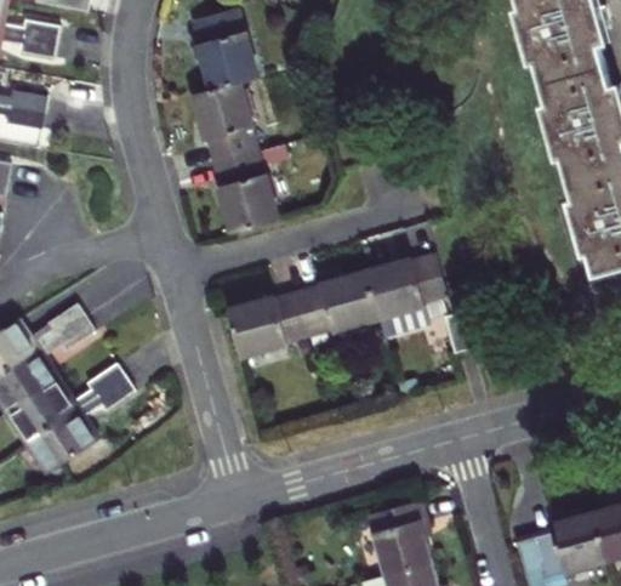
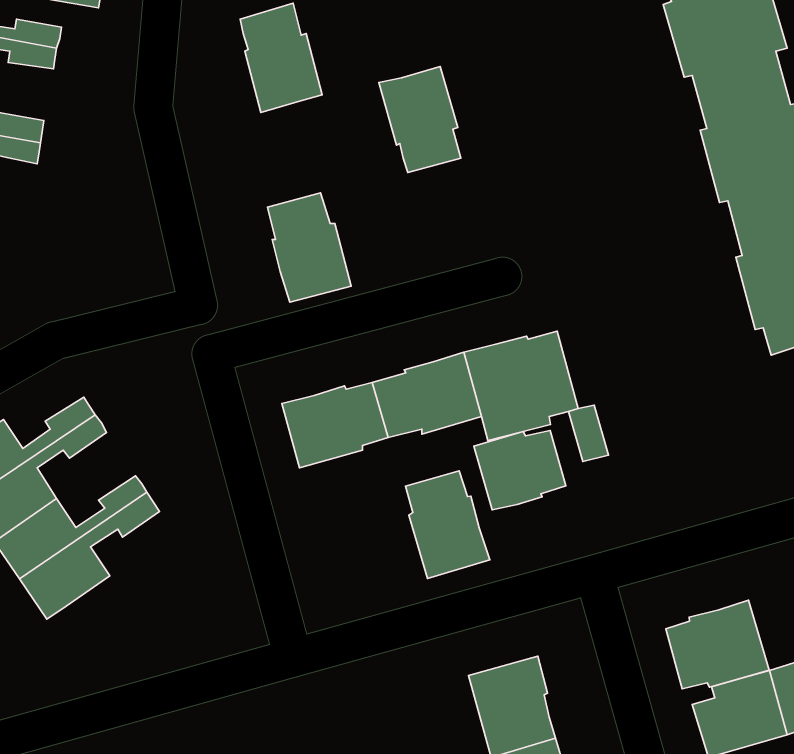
building: [193,81,255,161] -> [379,66,461,173]
building: none -> [474,430,566,510]
building: none -> [406,471,490,579]
building: none -> [666,600,769,689]

